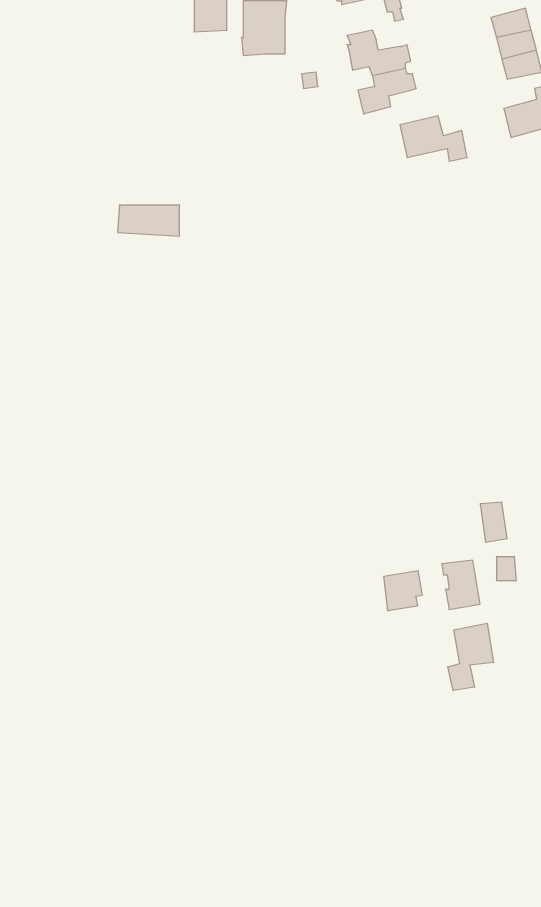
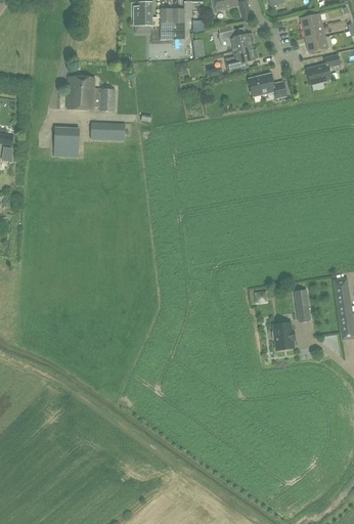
building: none -> [67,76,116,111]
building: none -> [54,127,80,157]
building: [384,571,422,611] -> none
building: [448,623,494,691] -> none

